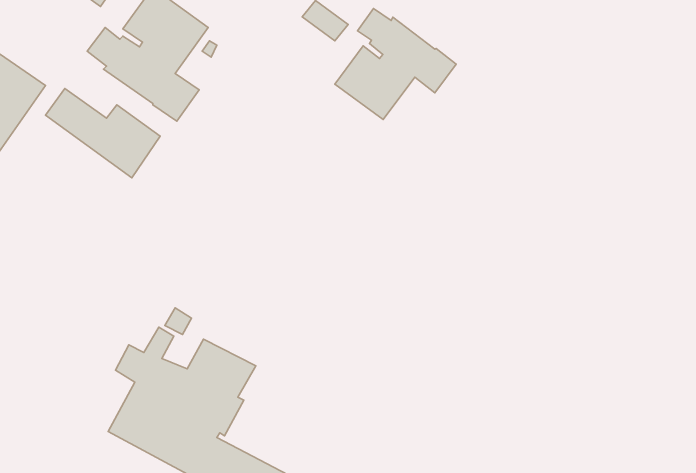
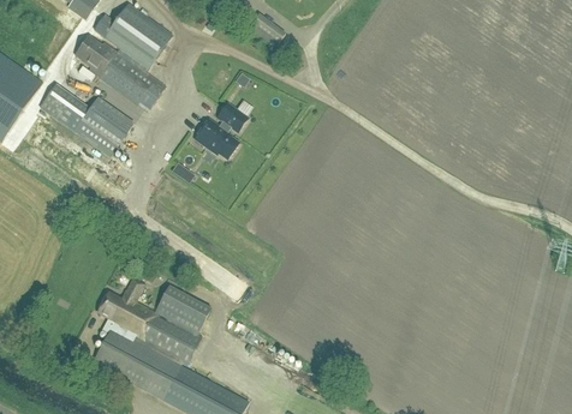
building: [335,8,456,119] -> none
building: none -> [192,102,245,157]

